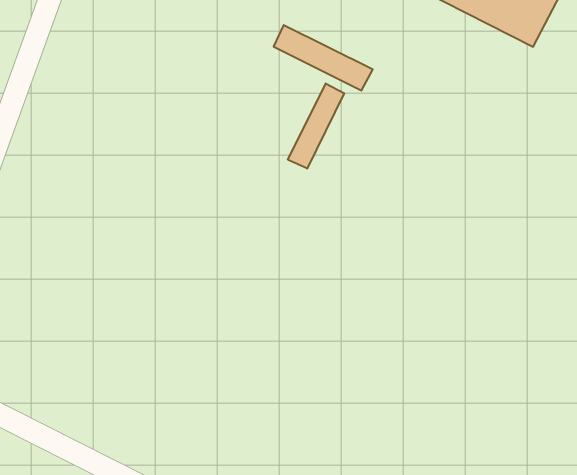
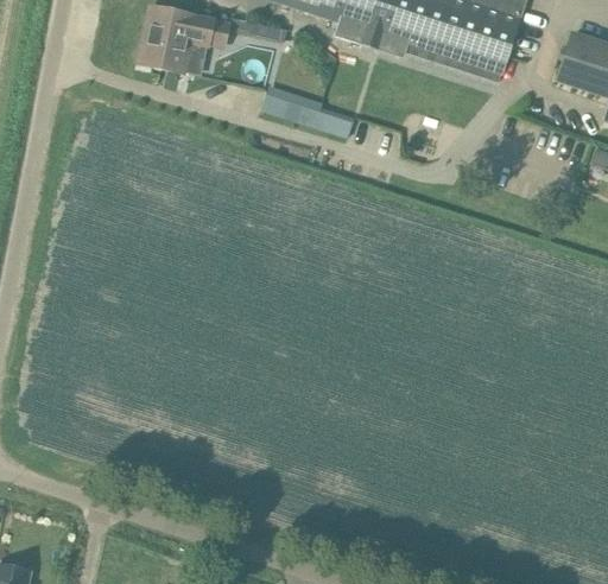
building: [288,83,344,169] -> none

